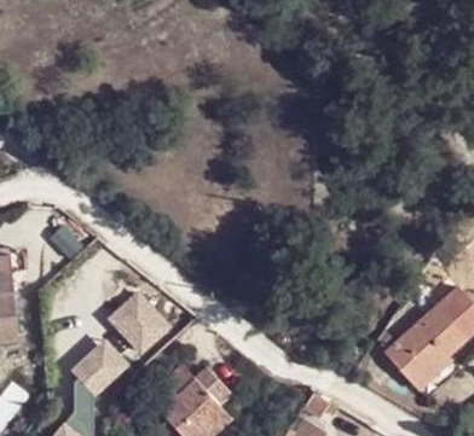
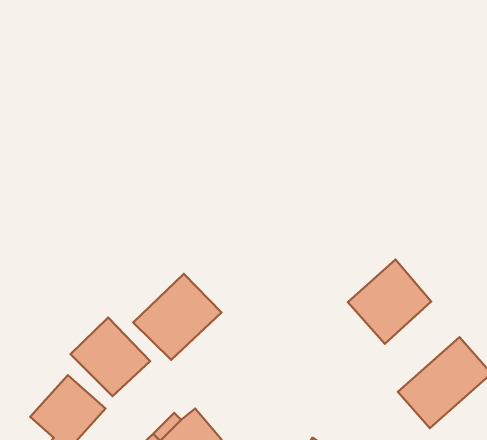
building: none -> [348,259,431,344]
building: none -> [133,274,221,360]

